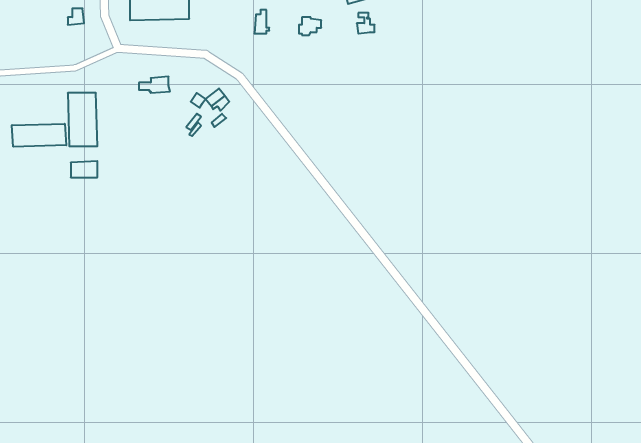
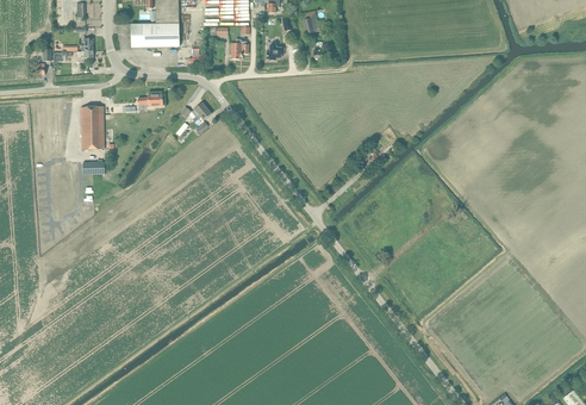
building: [12,124,66,147] -> none

